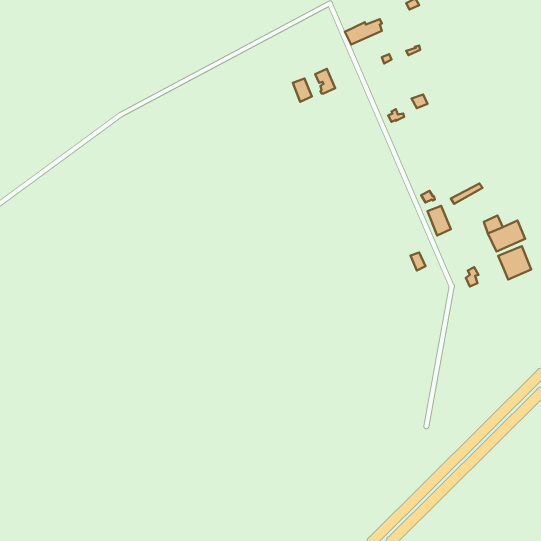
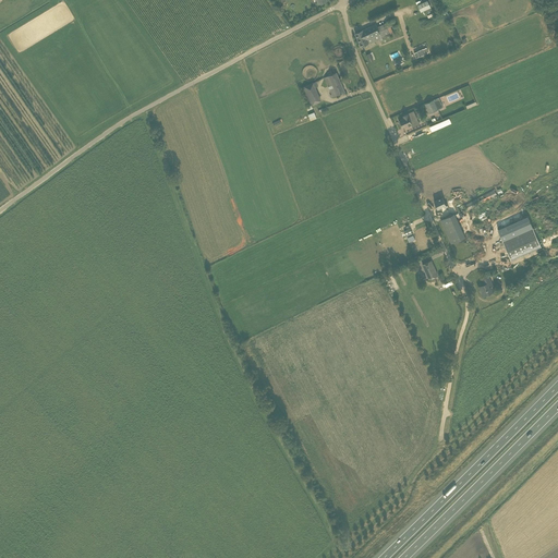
building: [498,246,531,279] -> none

